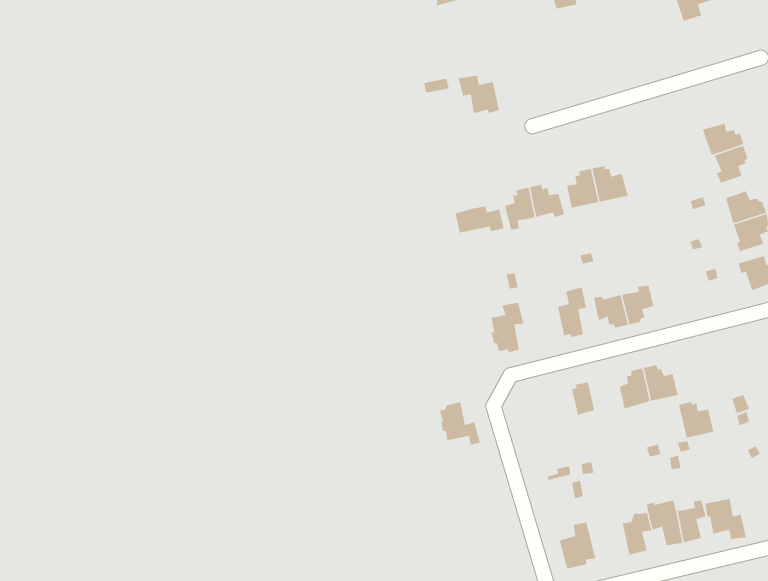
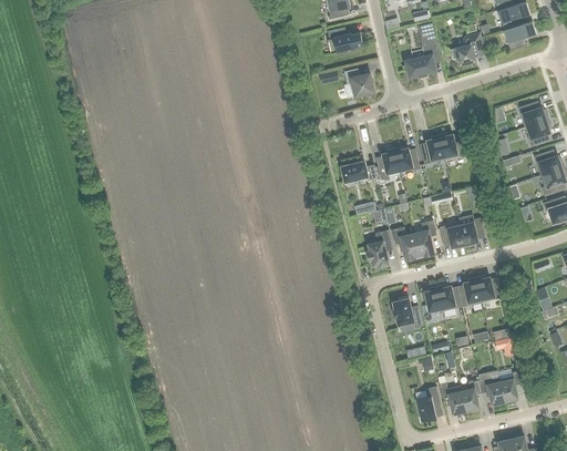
building: none -> [504,21,535,51]
building: none -> [405,24,440,76]
building: none -> [327,27,362,53]
building: none -> [450,35,481,64]
building: none -> [391,227,419,260]
building: [439,401,481,446] -> [392,296,422,328]
building: [678,401,714,438] -> [436,285,462,311]
building: [705,498,747,540] -> none
building: none -> [439,382,465,414]

